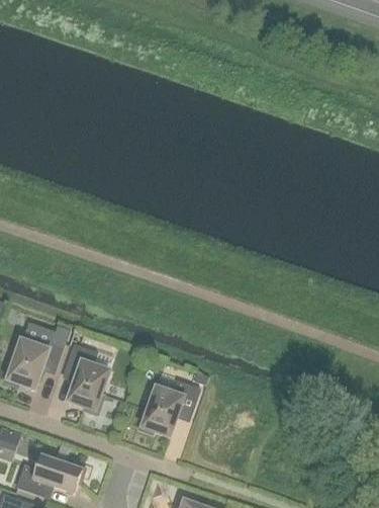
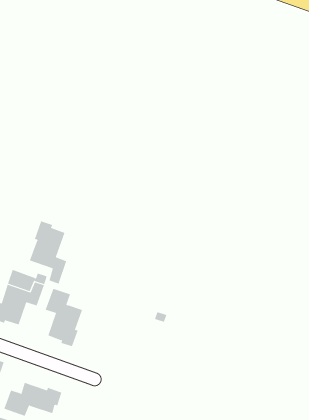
building: none -> [29,220,67,284]
building: [136,379,198,435] -> none

